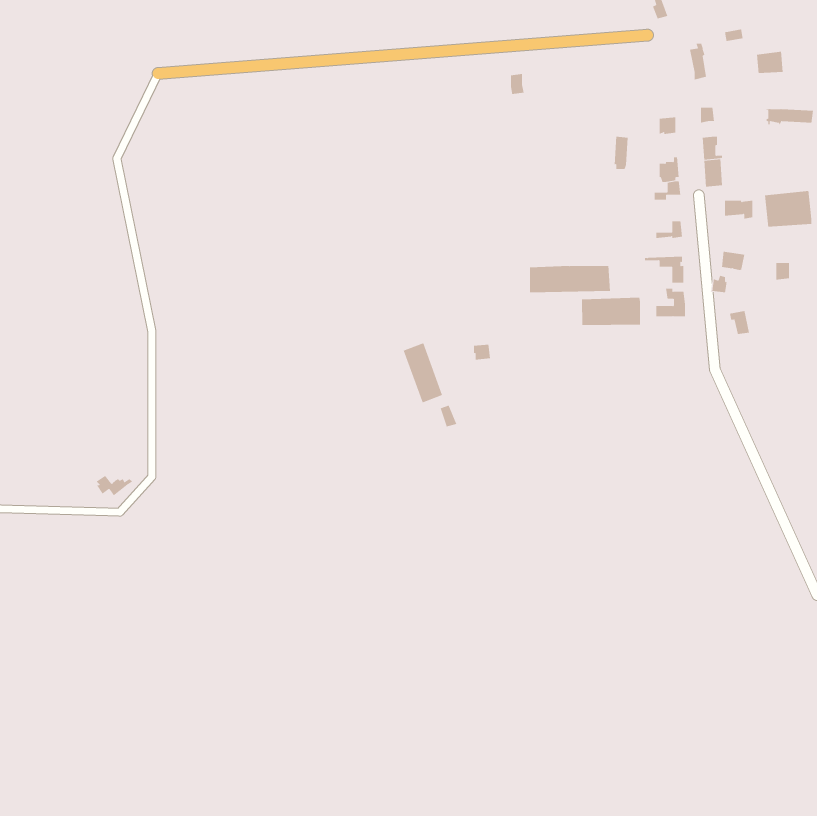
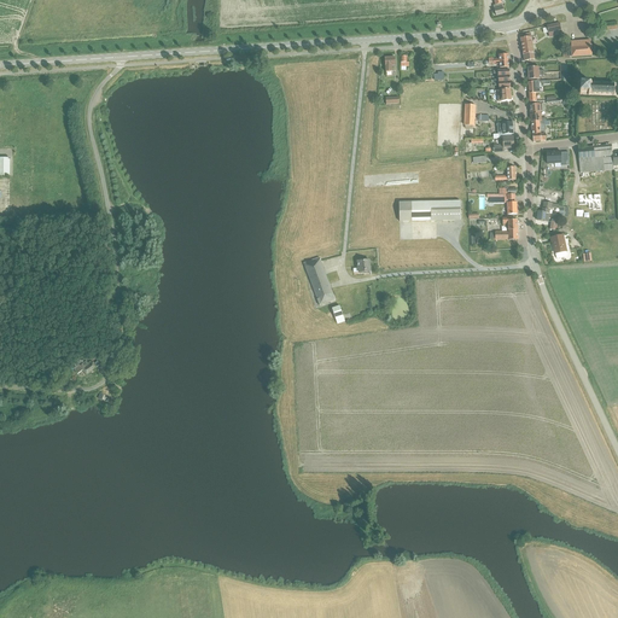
building: [581,297,641,326] -> none

